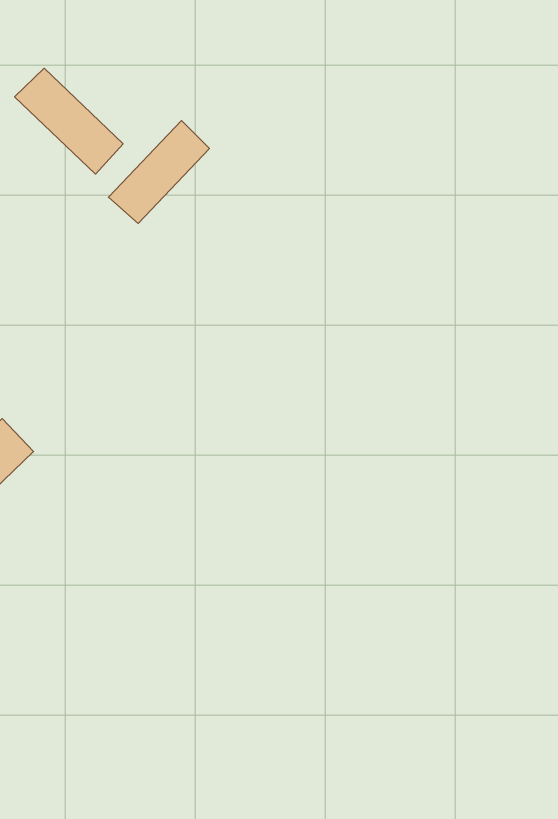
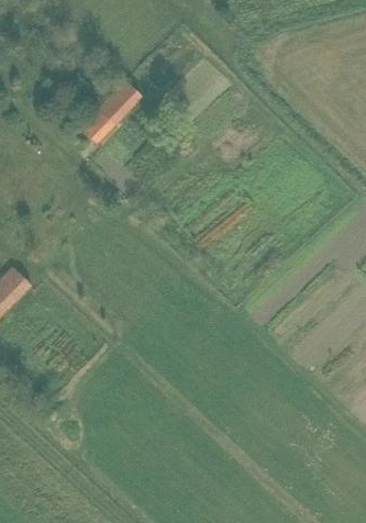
building: [15,68,123,174] -> none

